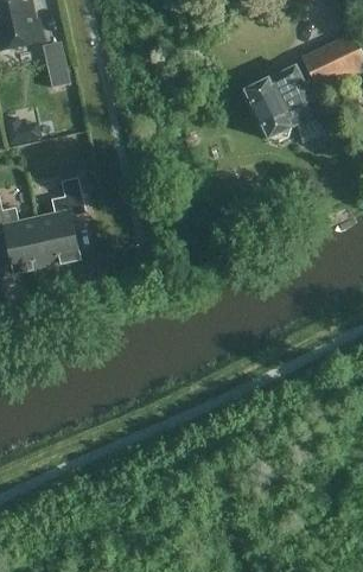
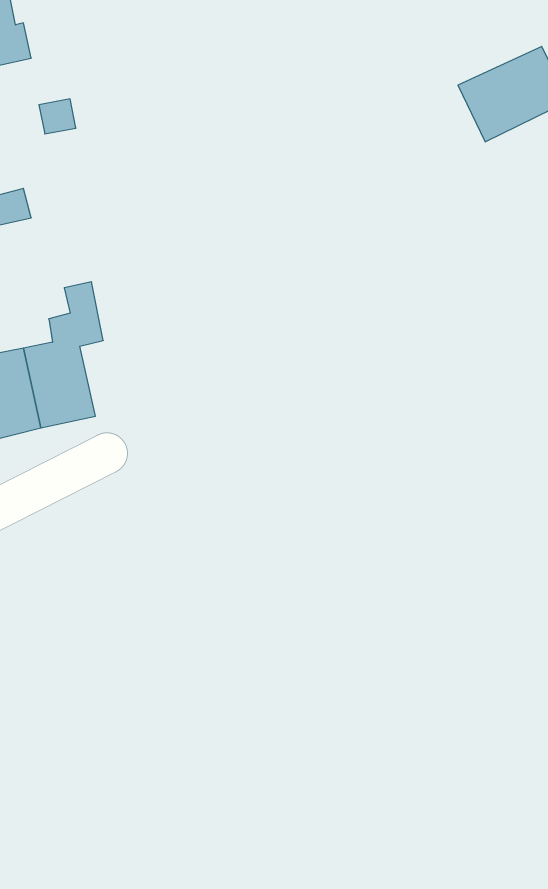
building: [246,65,319,138] -> none

